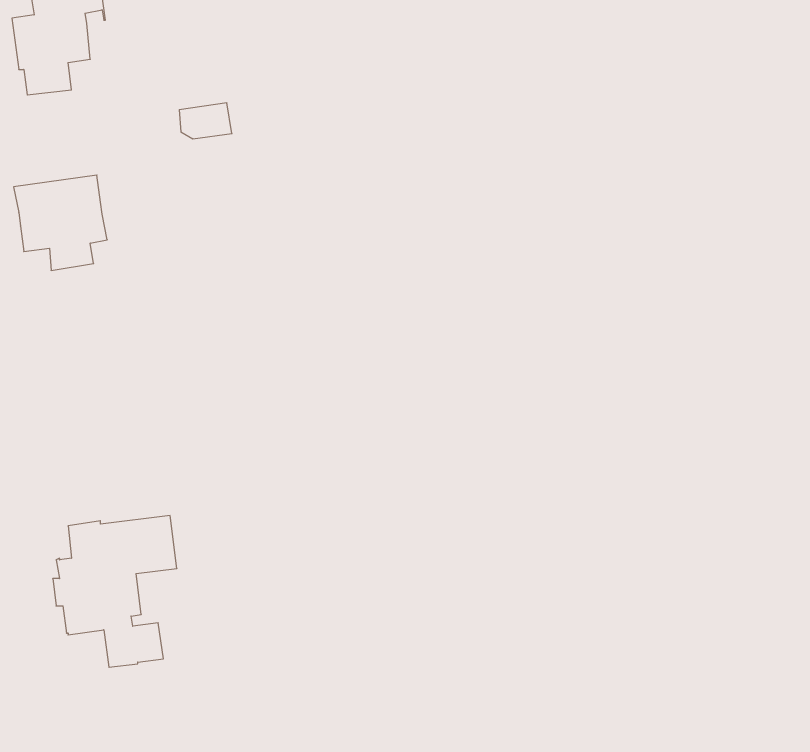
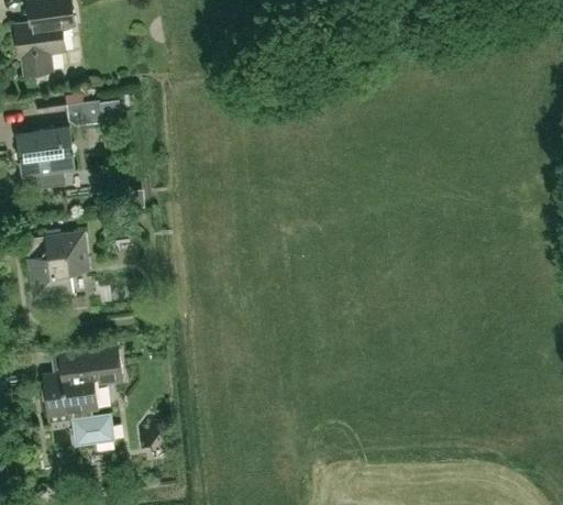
building: [179,103,232,139] -> [67,102,101,125]
building: none -> [27,232,90,299]

